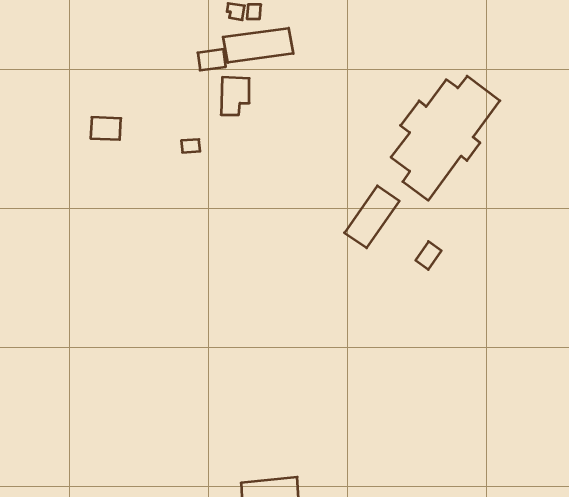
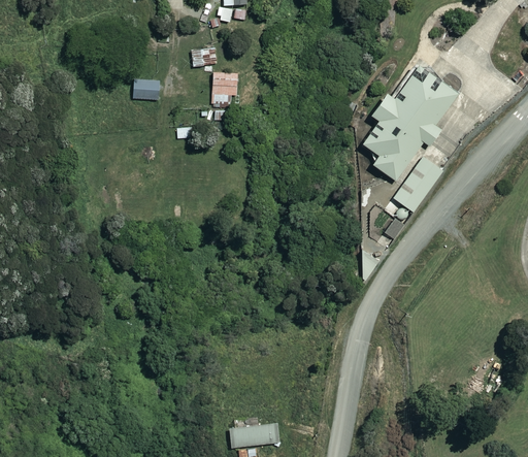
building: [223,28,293,63] -> none
building: [91,117,121,140] -> [132,79,159,99]
building: [344,186,399,248] -> [393,157,441,211]

